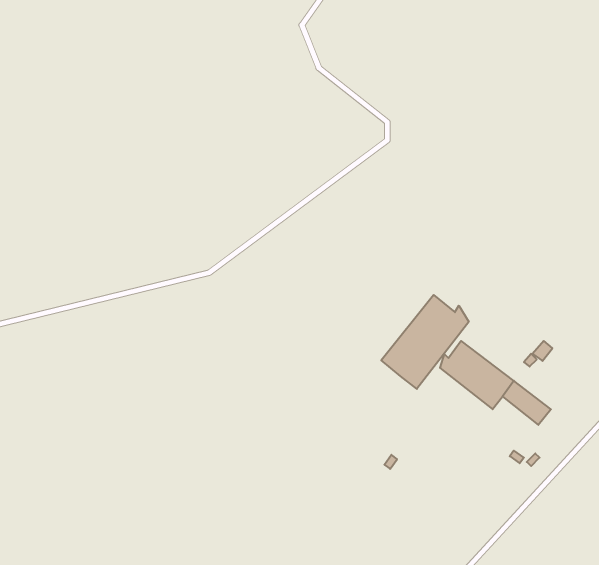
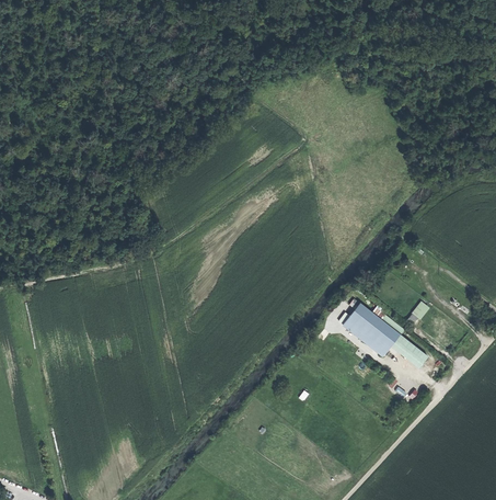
building: [381,295,469,389] -> none

